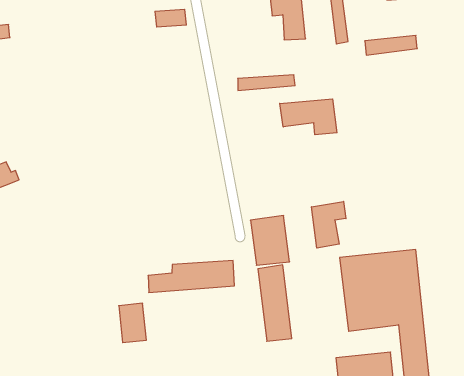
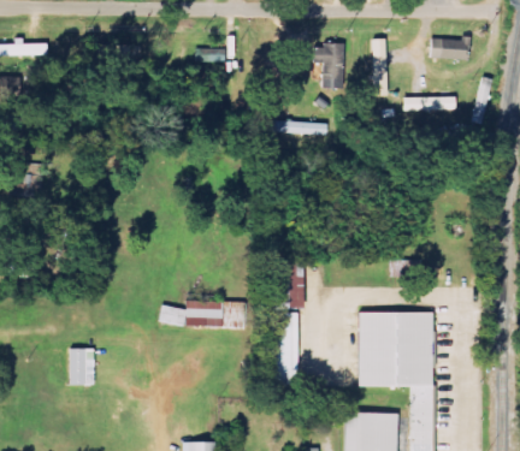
building: [280,99,337,135] -> none
building: [312,201,346,248] -> none
building: [119,303,146,343] -> [70,349,94,386]

